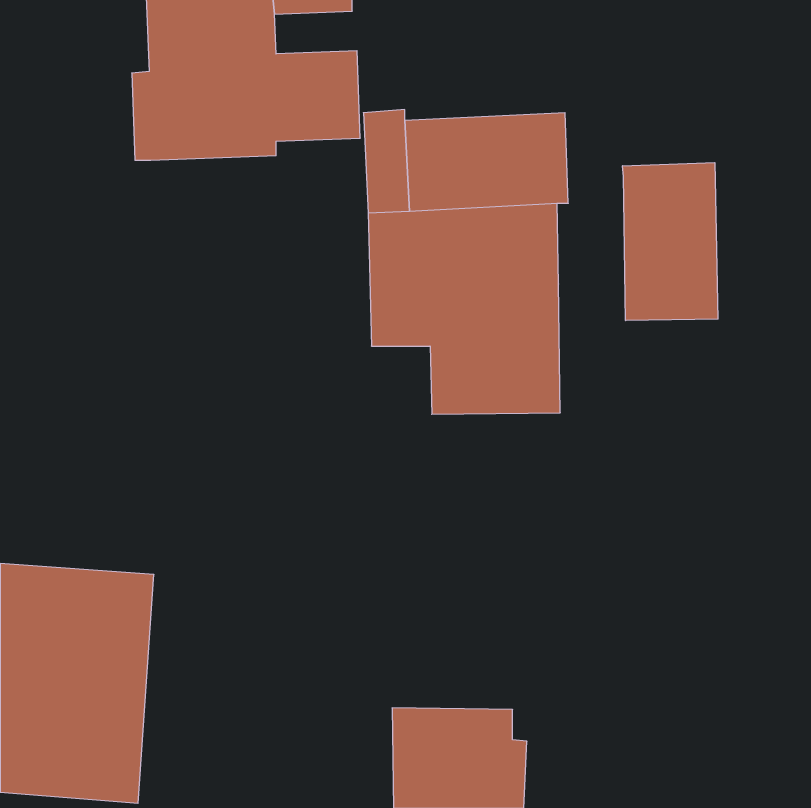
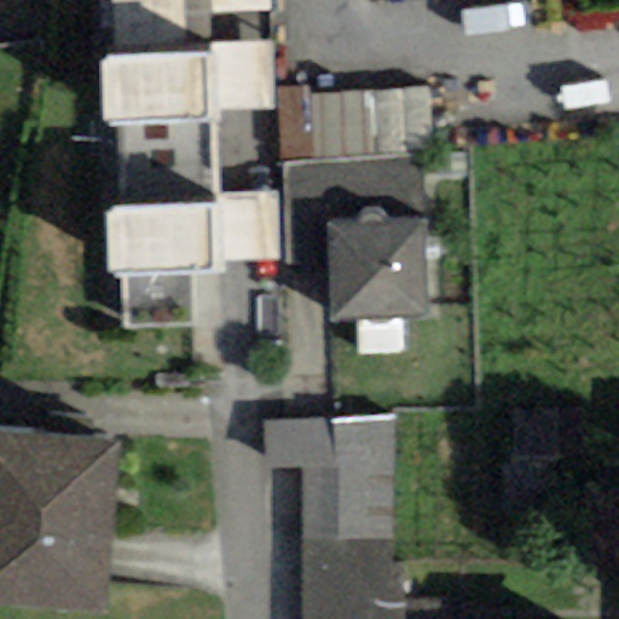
building: none -> [104,118,278,324]
building: [623,163,718,321] -> none
building: none -> [261,413,395,540]

